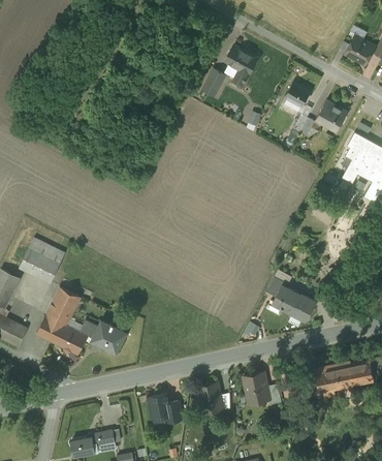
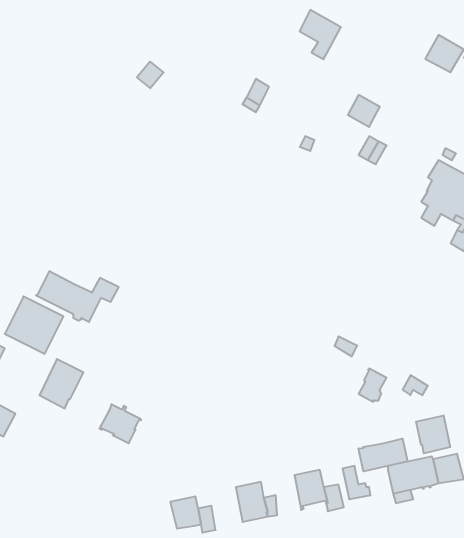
building: [225,44,257,83] -> [300,10,341,59]
building: [316,99,347,130] -> none
building: [273,284,301,313] -> none
building: [36,314,100,354] -> [36,271,119,322]
building: none -> [416,415,450,453]
building: none -> [359,439,408,471]

